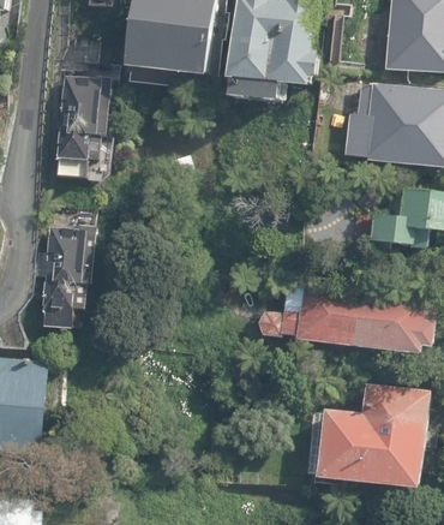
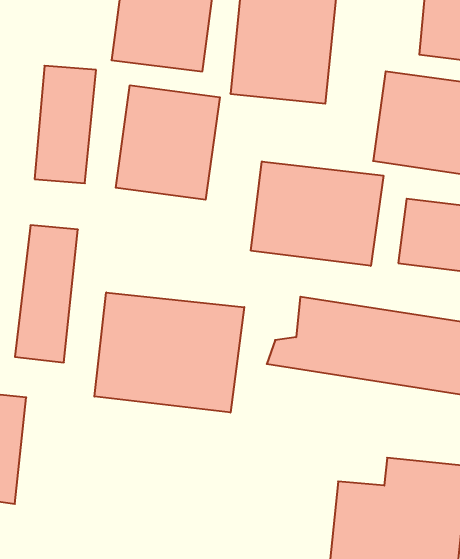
building: none -> [116,85,220,200]
building: none -> [251,161,383,266]
building: none -> [94,292,244,413]

